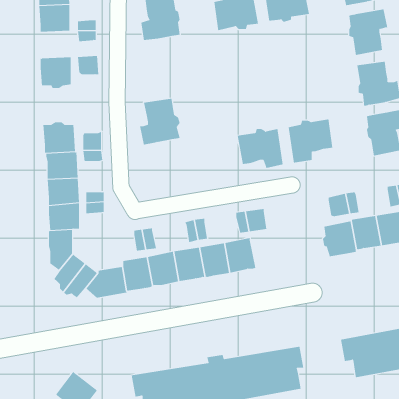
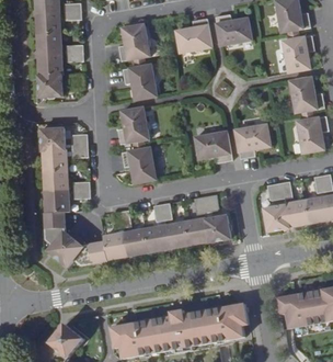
building: none -> [38,53,64,75]
building: none -> [123,64,158,99]
building: none -> [122,147,157,182]
building: none -> [206,215,233,242]

